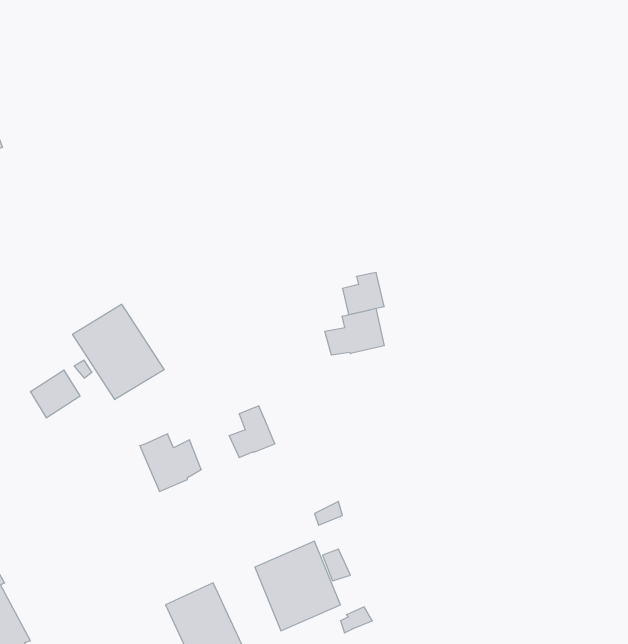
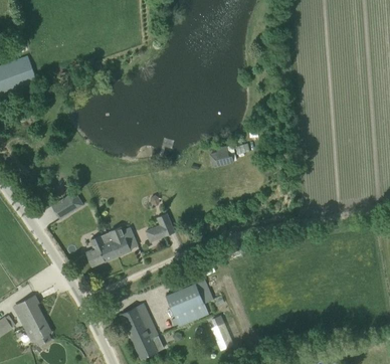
building: [73,304,164,400] -> none
building: [325,308,384,355] -> none
building: none -> [86,233,117,266]

